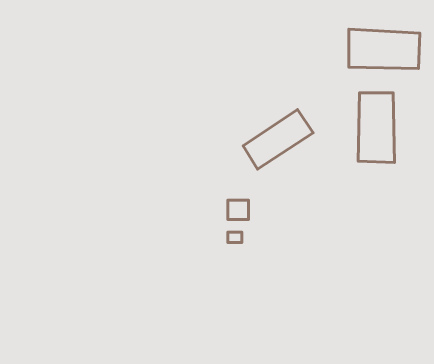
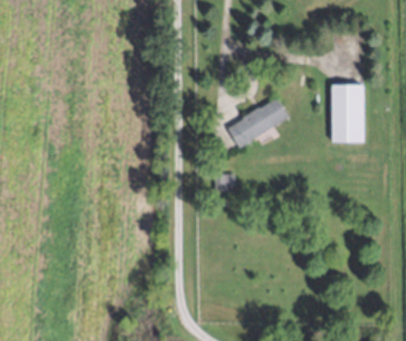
building: [349,29,420,69] -> none

